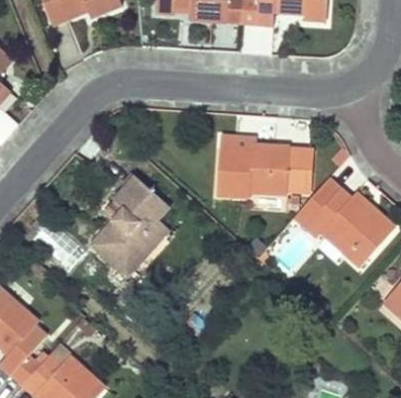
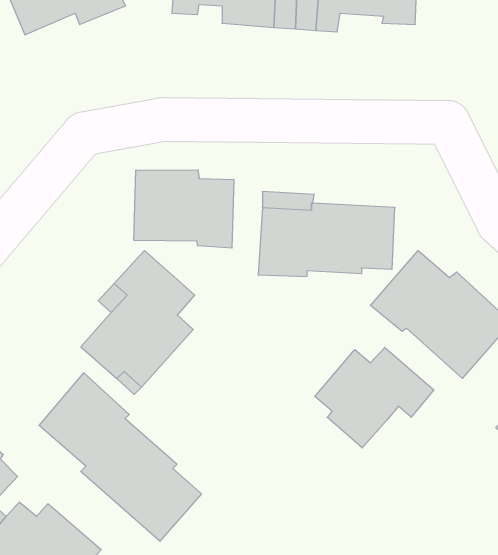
building: none -> [134,170,234,248]
building: none -> [315,347,434,448]
building: none -> [39,373,201,541]

